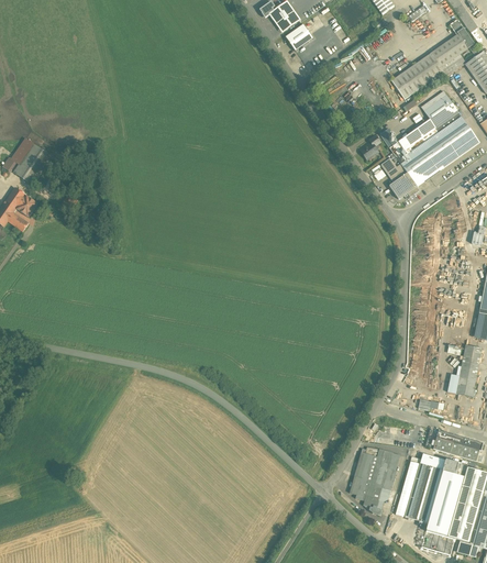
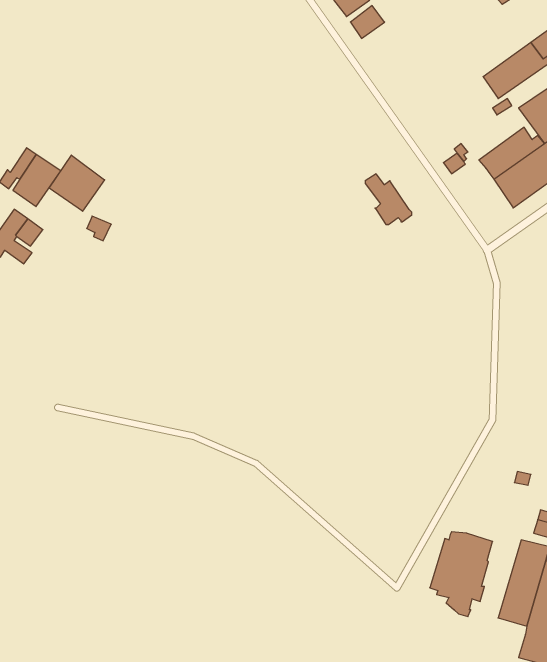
building: none -> [49,155,105,211]
building: [381,157,419,198] -> [365,174,412,224]

